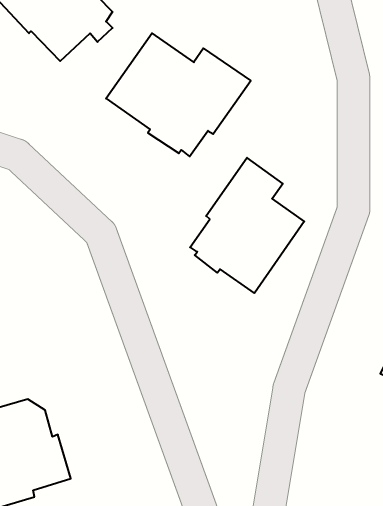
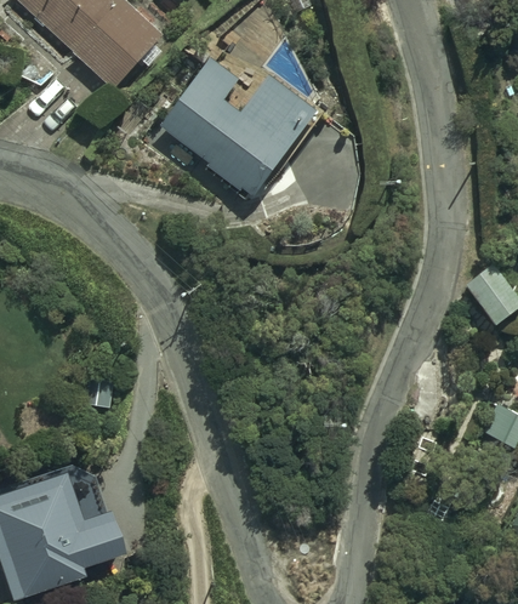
building: [190,158,304,293] -> none

